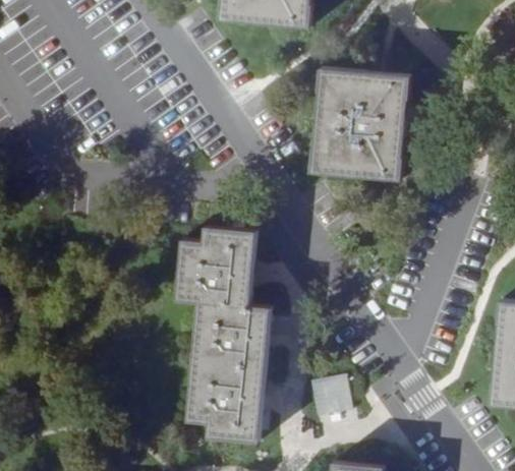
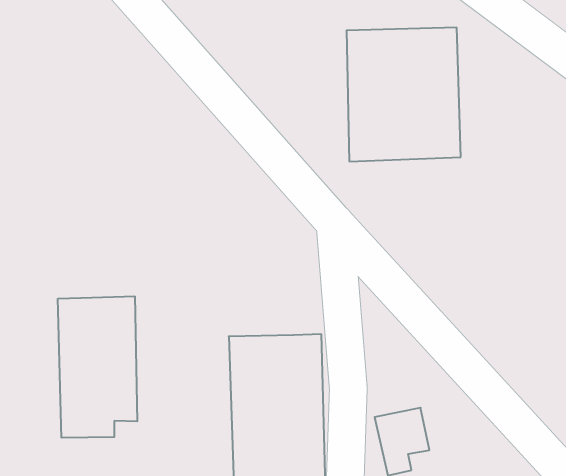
building: [176,209,254,305] -> none
building: none -> [58,296,137,438]

